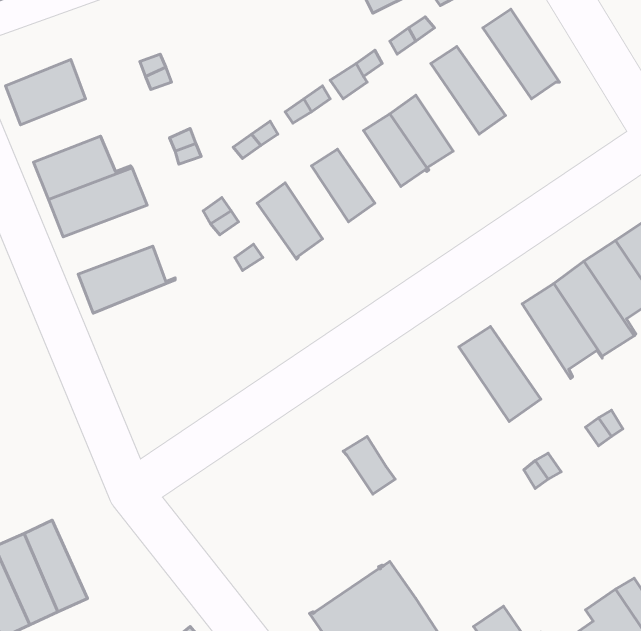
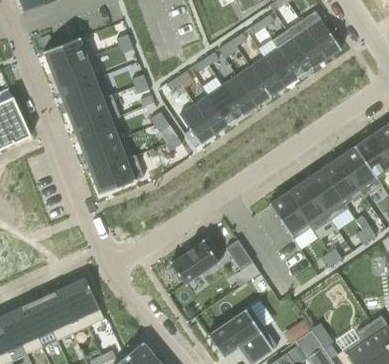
building: none -> [286,20,326,67]
building: none -> [264,39,298,86]
building: none -> [52,58,95,92]
building: none -> [222,75,256,114]
building: none -> [194,94,228,133]
building: none -> [75,115,123,152]
building: none -> [91,155,143,194]
building: none -> [304,168,347,219]
building: none -> [269,191,314,239]
building: none -> [170,237,222,284]
building: none -> [69,277,104,326]

